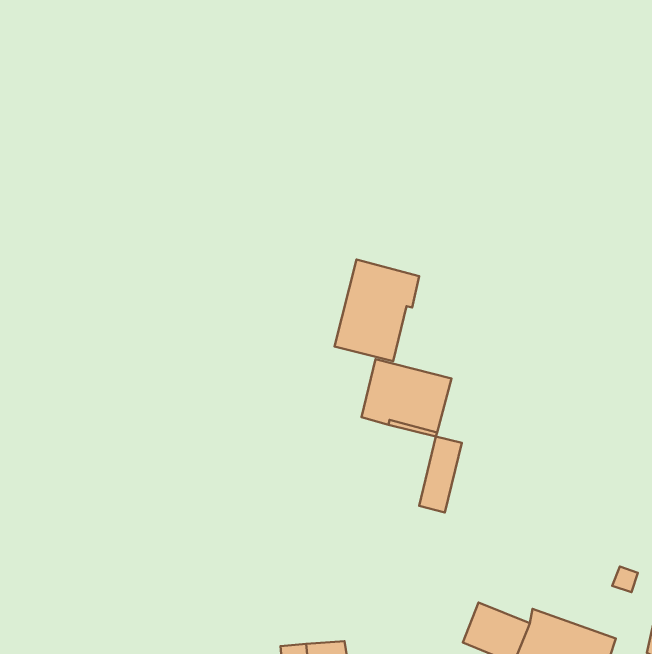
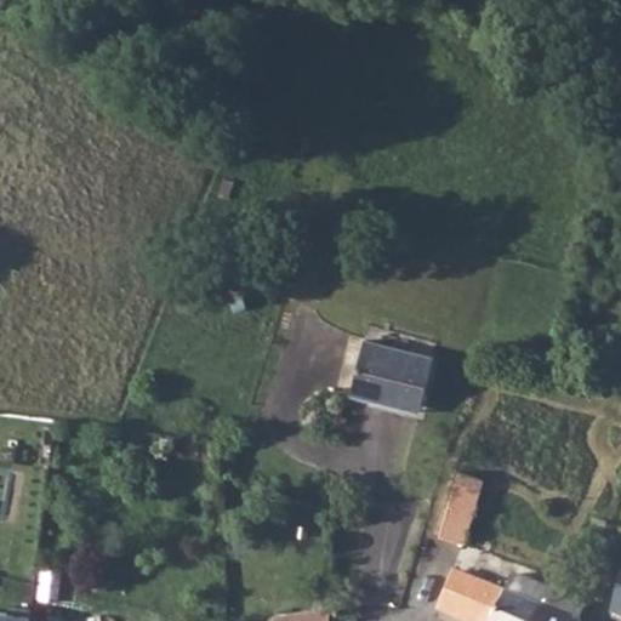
building: [334,260,419,361] -> none
building: [419,436,462,512] -> [441,472,482,543]

